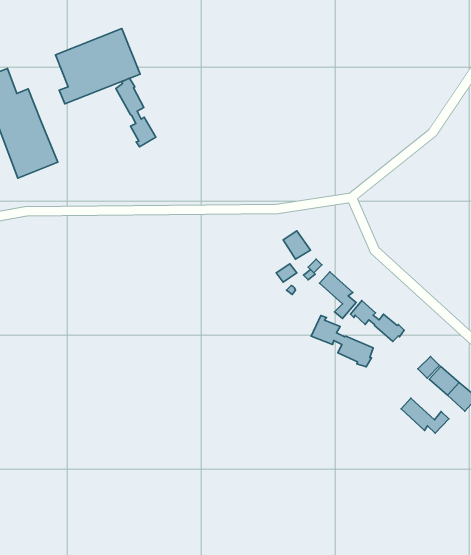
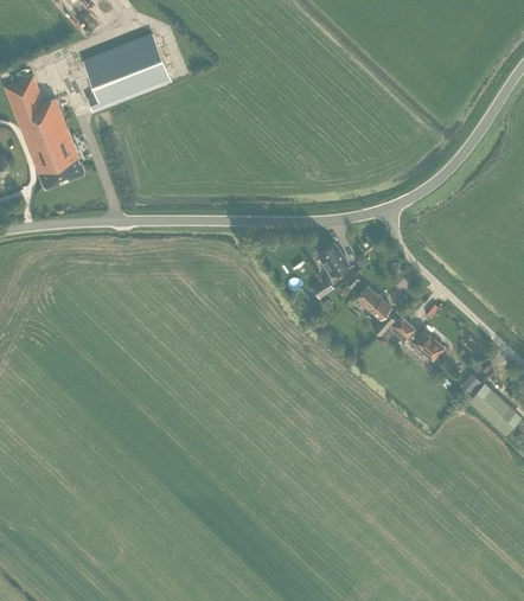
building: [116,78,156,147] -> none
building: [311,316,373,367] -> none
building: [401,398,449,433] -> none

